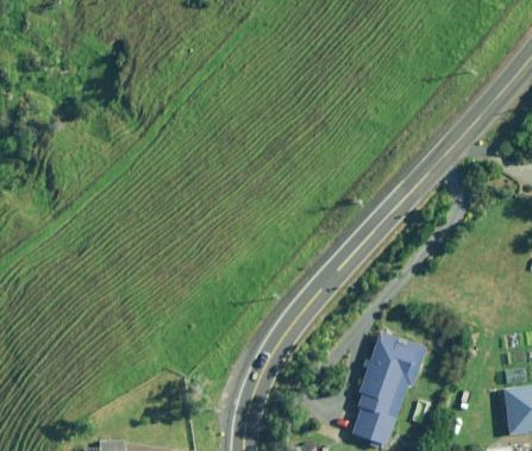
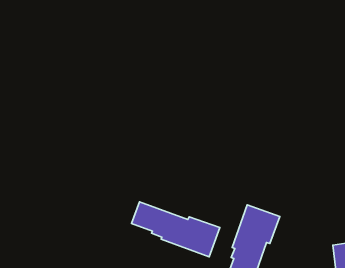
building: none -> [131,202,220,257]

